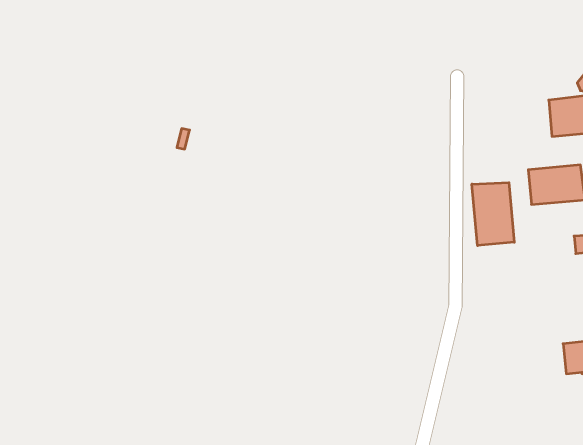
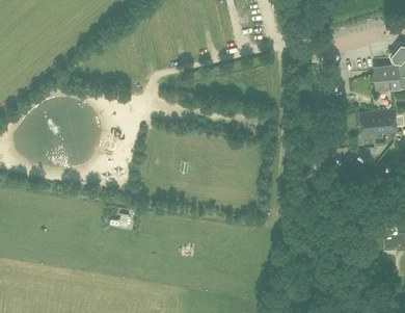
building: [472,183,514,246] -> none

